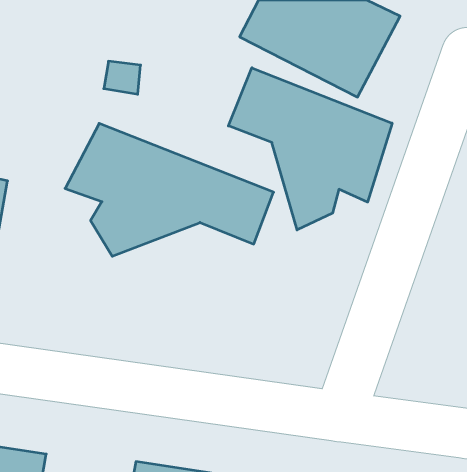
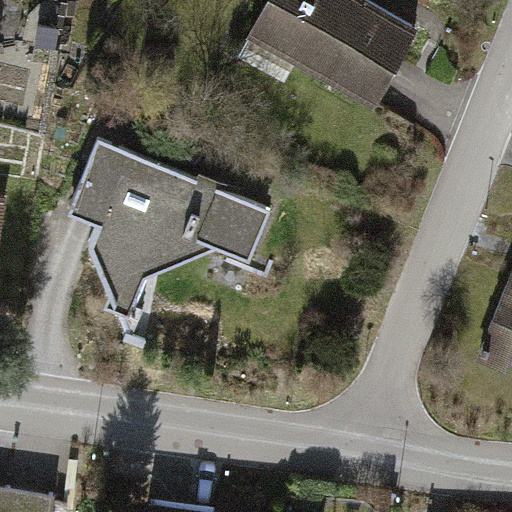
building: [228,68,392,230] -> none

